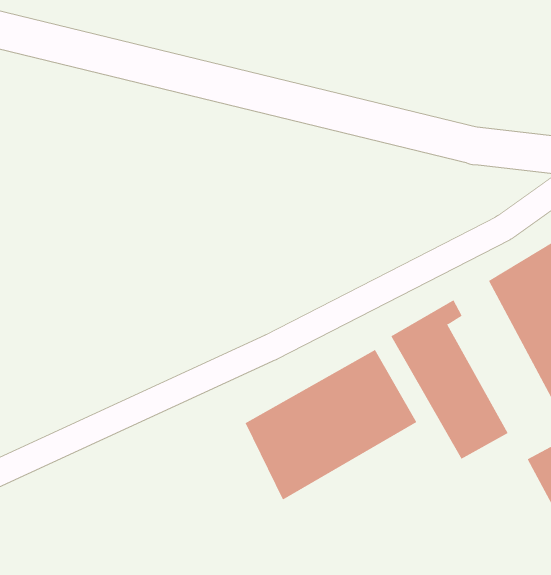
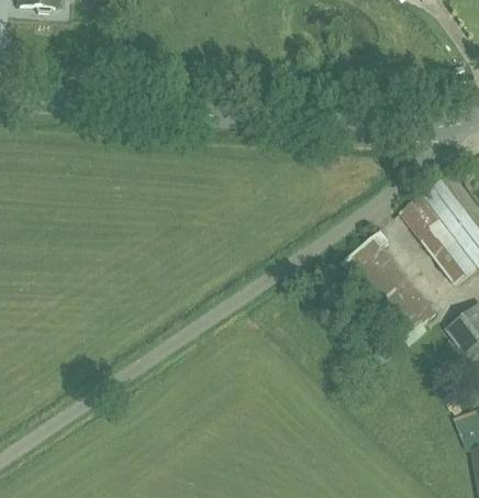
building: [245,349,417,500] -> none

